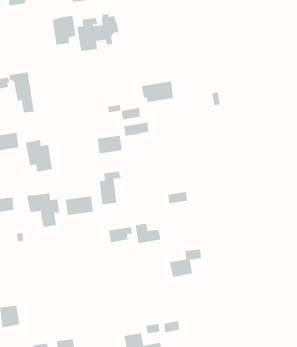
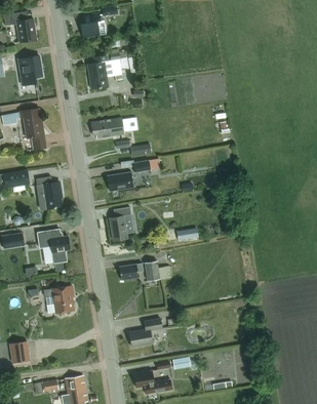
building: [52,15,76,45] -> [16,54,41,84]
building: [141,81,174,102] -> [89,116,122,137]
building: [65,195,93,216] -> none
building: [169,249,202,277] -> [128,318,161,347]
building: none -> [44,285,73,314]

